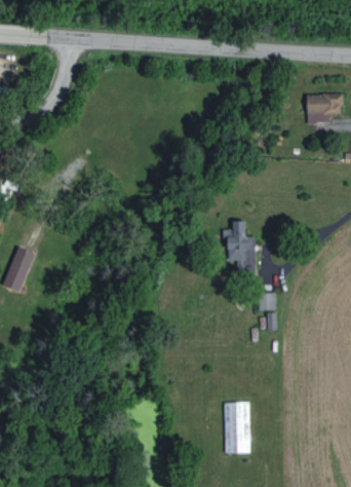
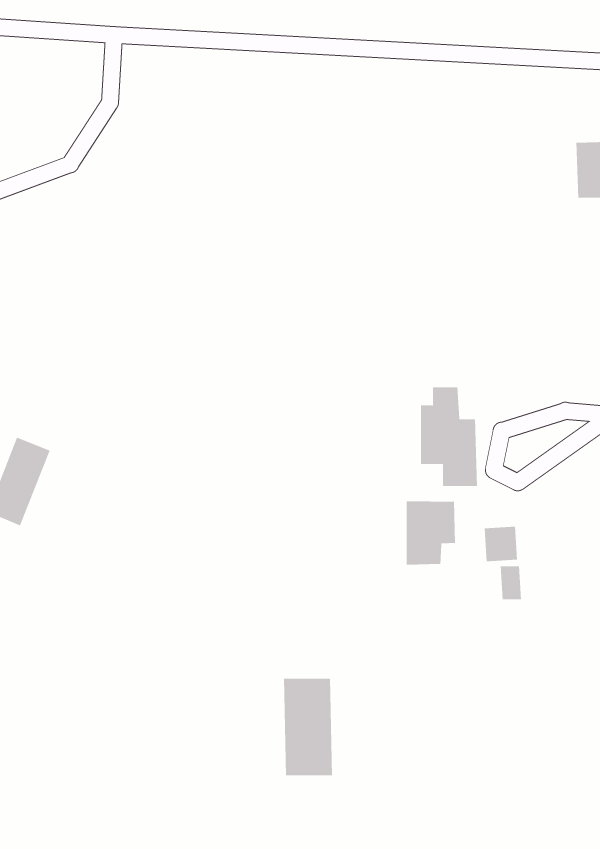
building: none -> [406,501,456,566]
building: [225,403,250,453] -> [283,678,333,776]

